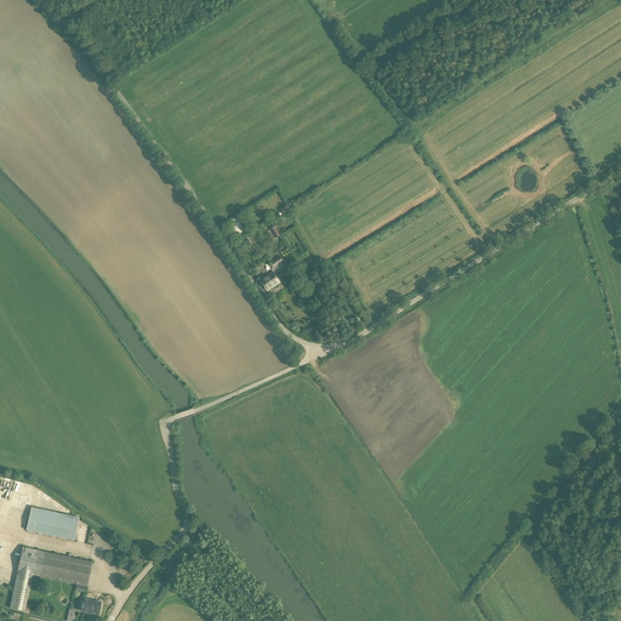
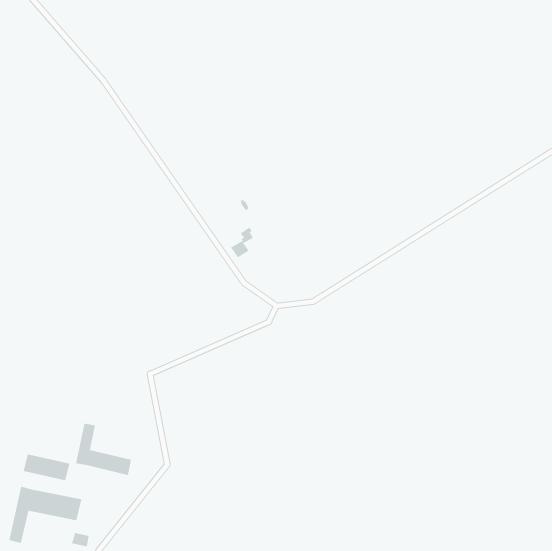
building: none -> [75,423,131,476]

